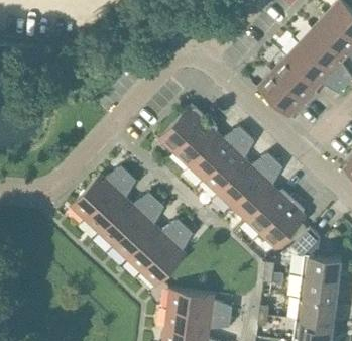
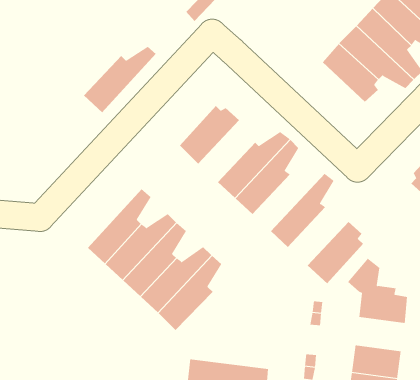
building: [257,73,307,118] -> none
building: [173,119,219,168] -> none
building: [217,154,274,208] -> none
building: [70,167,128,221] -> [83,46,157,113]
building: [245,189,294,235] -> none
building: [299,276,339,304] -> none
building: [166,290,232,318] -> none

